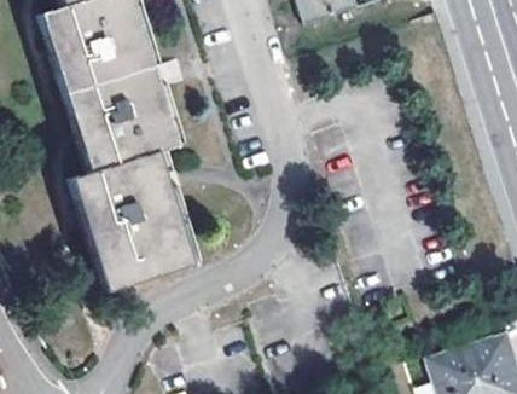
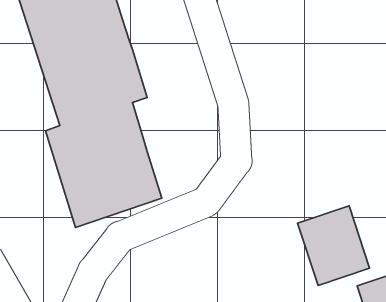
building: none -> [298,206,370,286]

